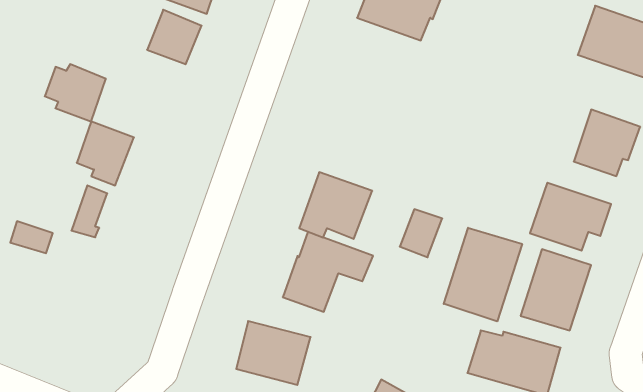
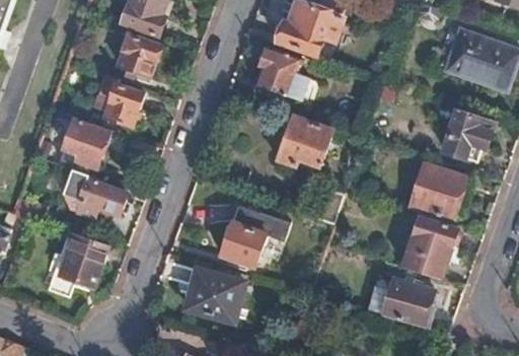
building: none -> [254,47,307,97]
building: [45,64,106,122] -> [95,82,142,126]
building: [299,172,372,239] -> [276,115,331,165]
building: none -> [77,173,125,214]
building: [444,228,522,321] -> none
building: none -> [48,236,106,296]

